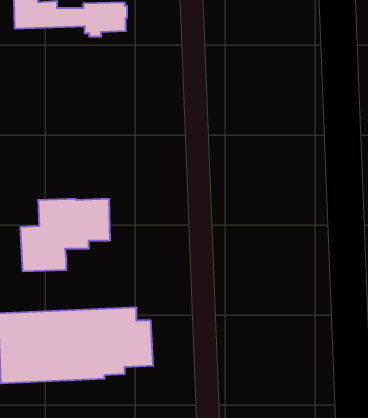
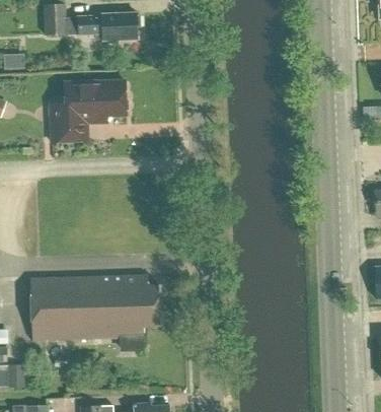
building: [20,199,110,271] -> [50,80,127,142]

